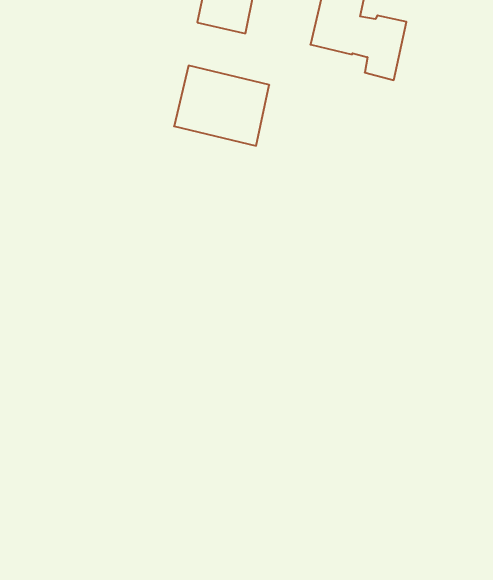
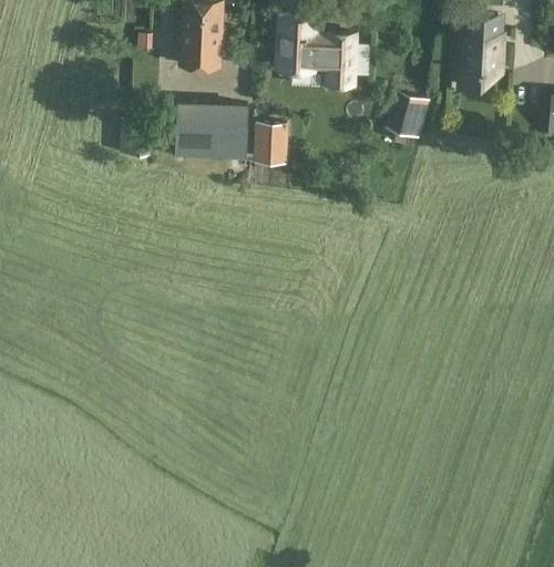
building: none -> [386,92,429,137]
building: none -> [255,126,287,163]

